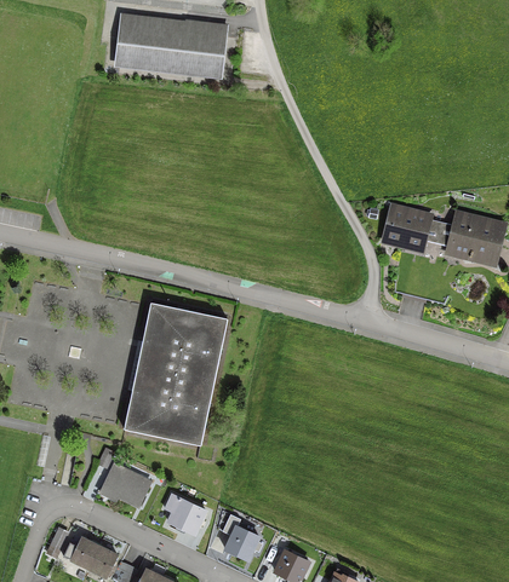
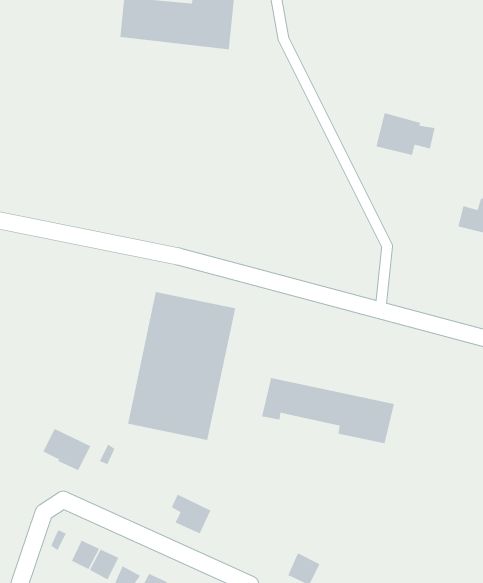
building: [384,207,441,248] -> [375,112,436,156]
building: none -> [261,377,395,444]
building: [102,463,149,505] -> [42,428,91,471]
building: [224,525,258,559] -> none

